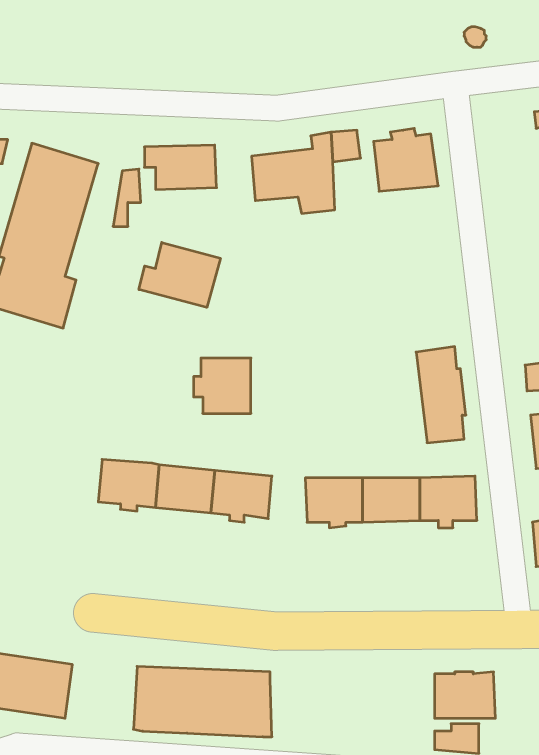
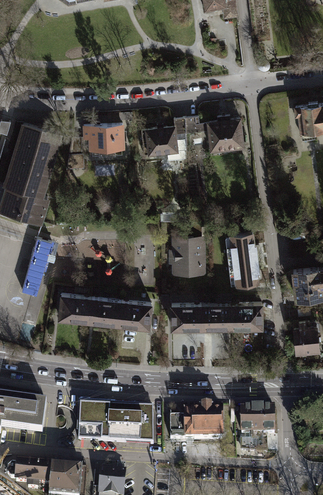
building: [139,242,220,307] -> none
building: [194,358,251,413] -> [171,240,202,270]
building: none -> [170,408,222,440]

